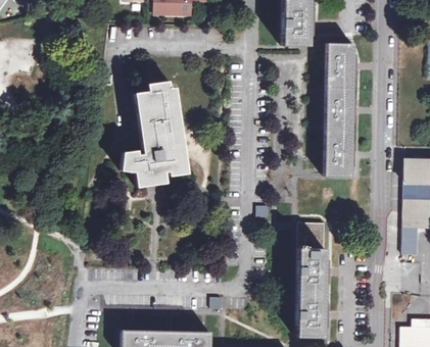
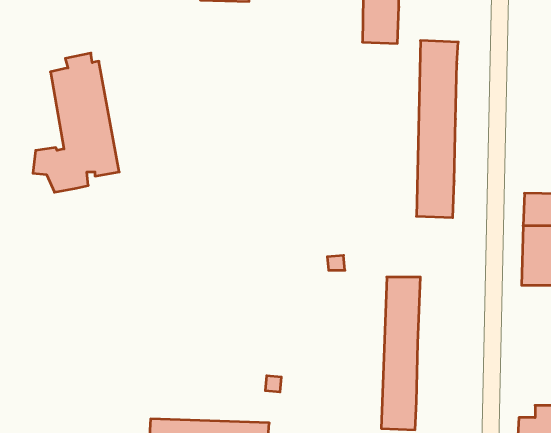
building: [121,81,186,186] -> [33,53,119,192]
building: [400,228,417,254] -> none

